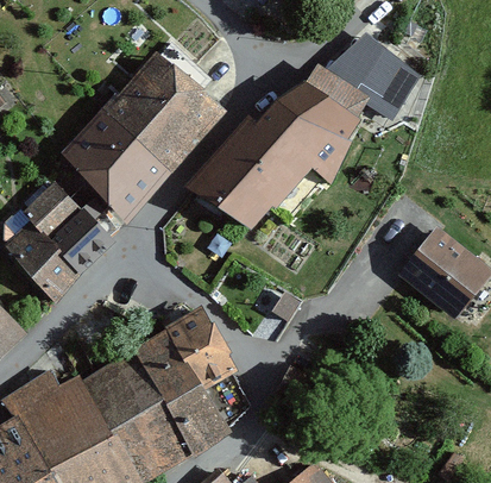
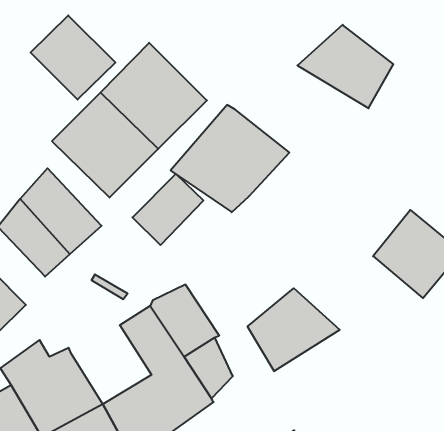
building: none -> [31,15,115,100]
building: [253,81,360,182] -> none
building: none -> [132,174,203,245]
building: none -> [248,288,340,371]
building: [81,350,165,433] -> none

